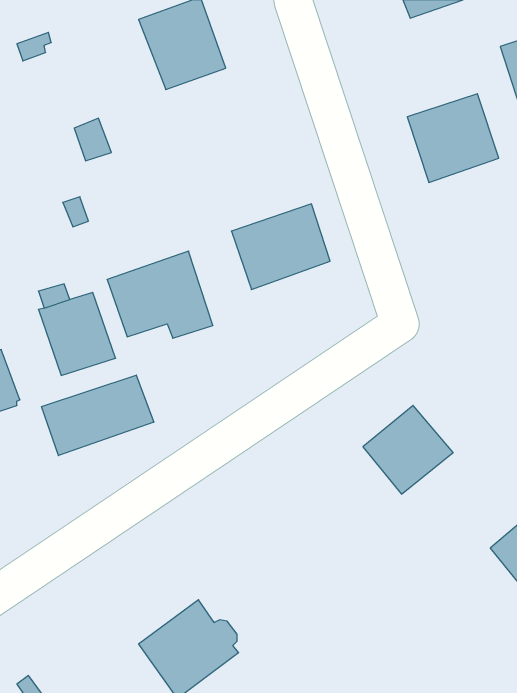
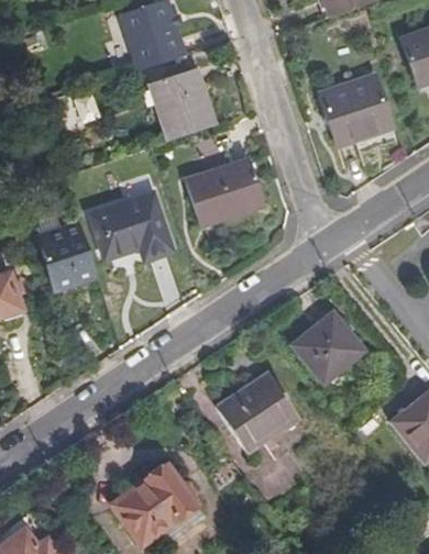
building: none -> [151,68,216,141]
building: [41,375,154,456] -> none
building: none -> [216,372,297,454]

